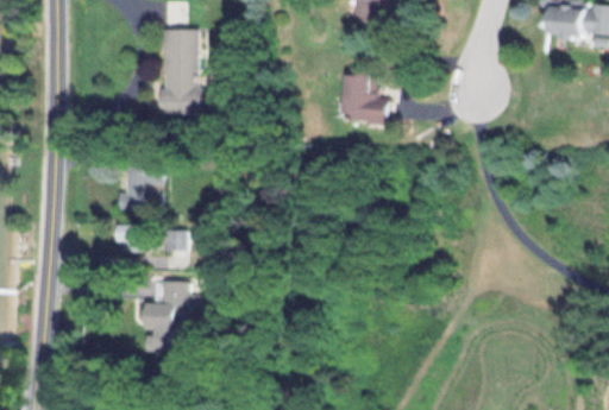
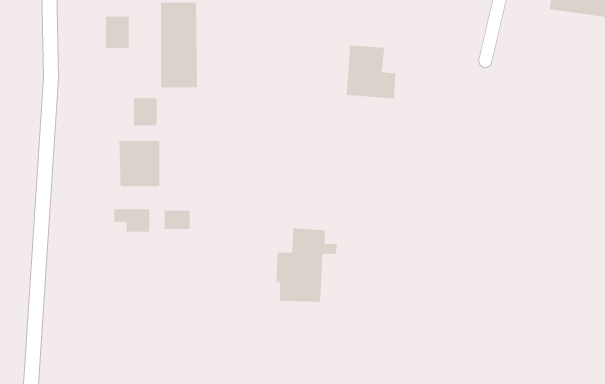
building: none -> [106,16,129,49]
building: none -> [134,98,157,126]
building: [140,279,201,352] -> [276,228,338,302]

